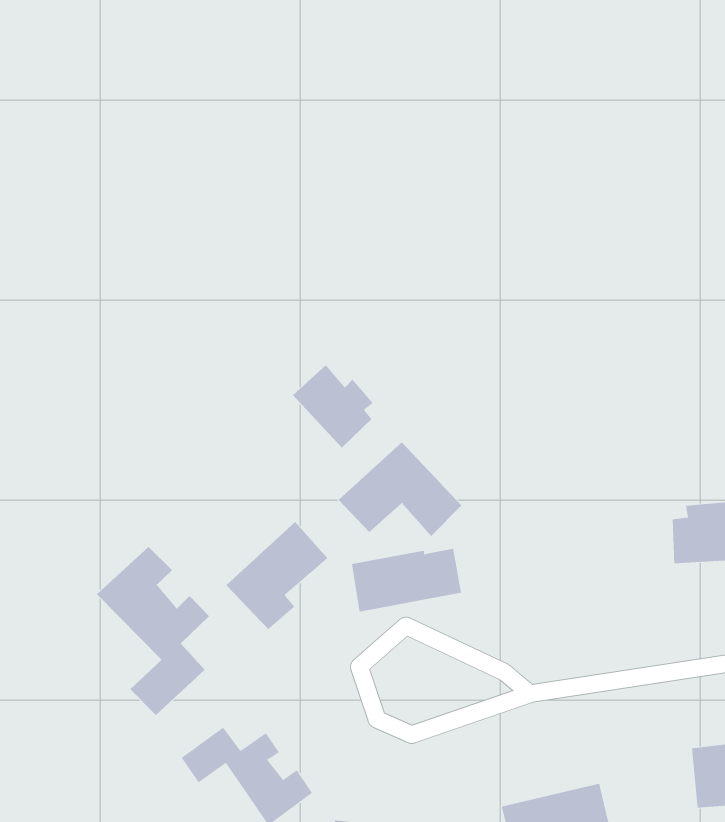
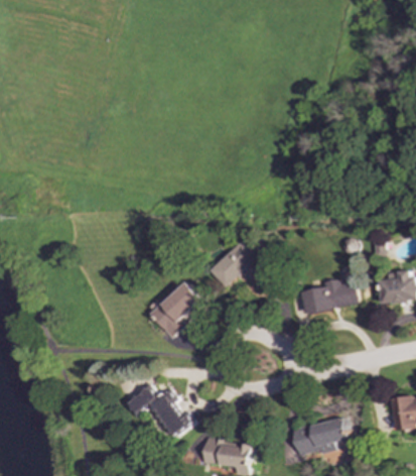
building: [292,364,374,448] -> none
building: [96,546,210,716] -> none
building: [351,548,462,612] -> [300,280,358,314]

